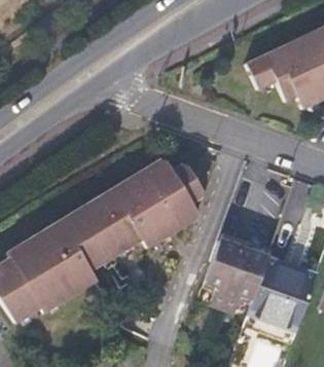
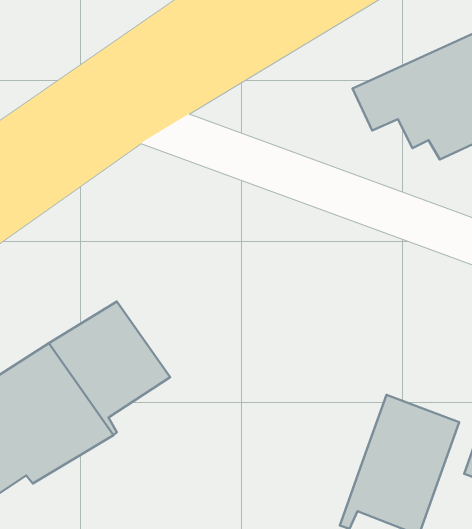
building: [97,157,201,250] -> none
building: [205,240,268,308] -> none

